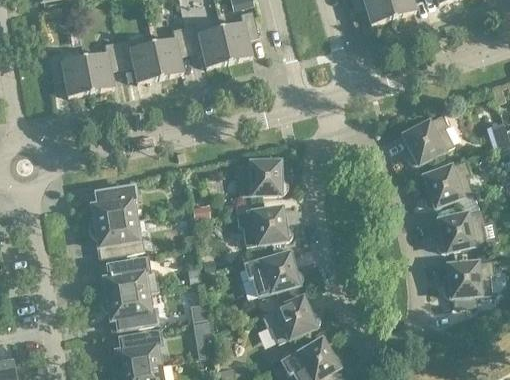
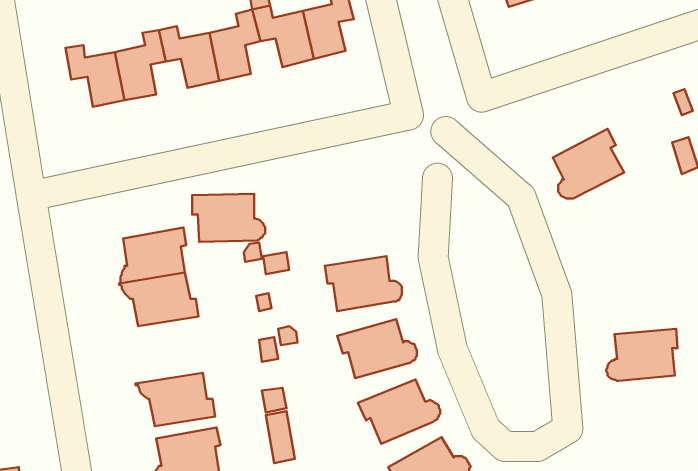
building: [424,159,473,207] -> none
building: [235,160,288,195] -> [192,194,265,242]
building: [436,209,486,251] -> none
building: [99,258,148,299] -> none

